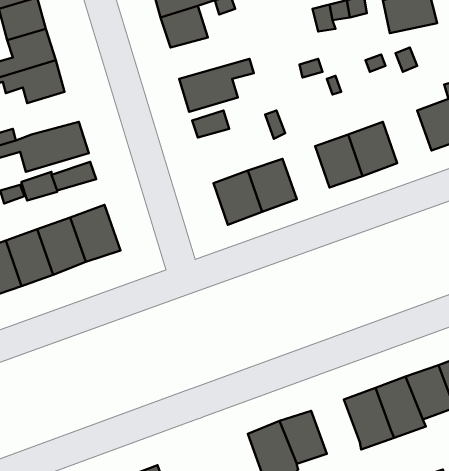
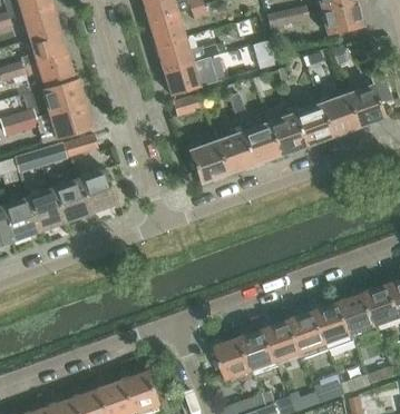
building: none -> [156,38,226,70]
building: none -> [41,79,85,114]
building: none -> [321,95,359,136]
building: none -> [243,122,280,164]
building: none -> [265,319,303,362]

